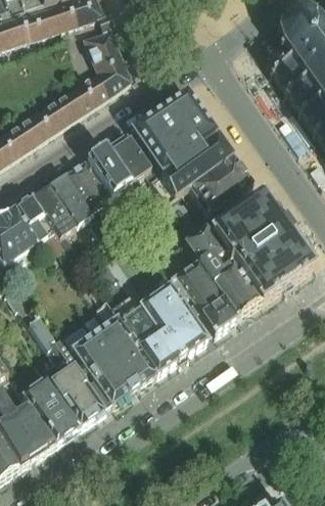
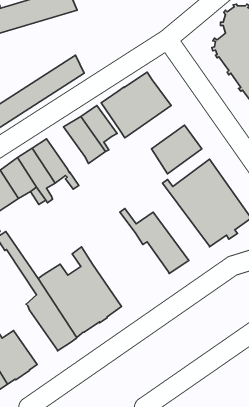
building: [89,25,133,91] -> none
building: [151,130,234,199] -> none
building: [68,156,121,208] -> none
building: [183,223,264,320] -> none
building: [113,277,210,371] -> none
building: [24,370,82,441] -> none

